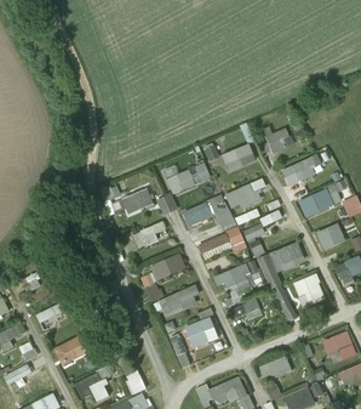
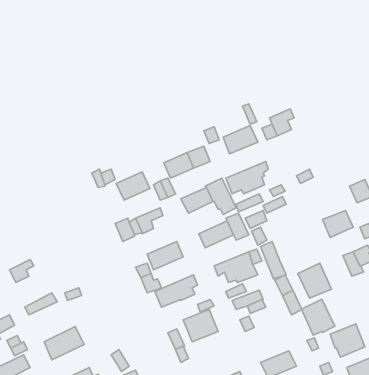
building: [282,154,321,187] -> none
building: [299,189,342,217] -> none
building: [269,242,305,272] -> none
building: none -> [301,299,335,335]

